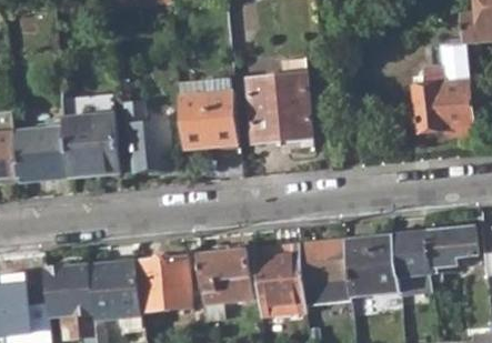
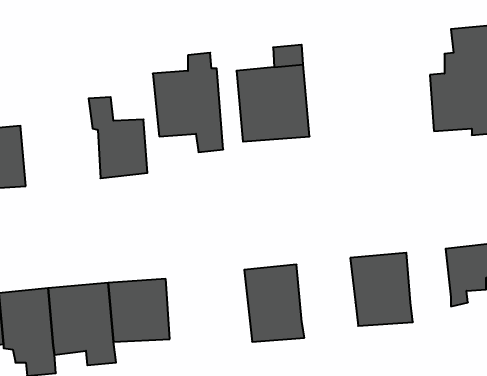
building: [62,95,120,178] -> none
building: [393,231,431,276] -> none
building: [300,239,350,293] -> none
building: [200,251,252,303] -> none

